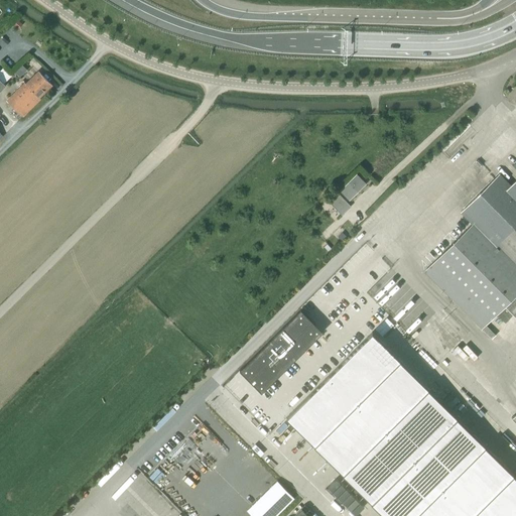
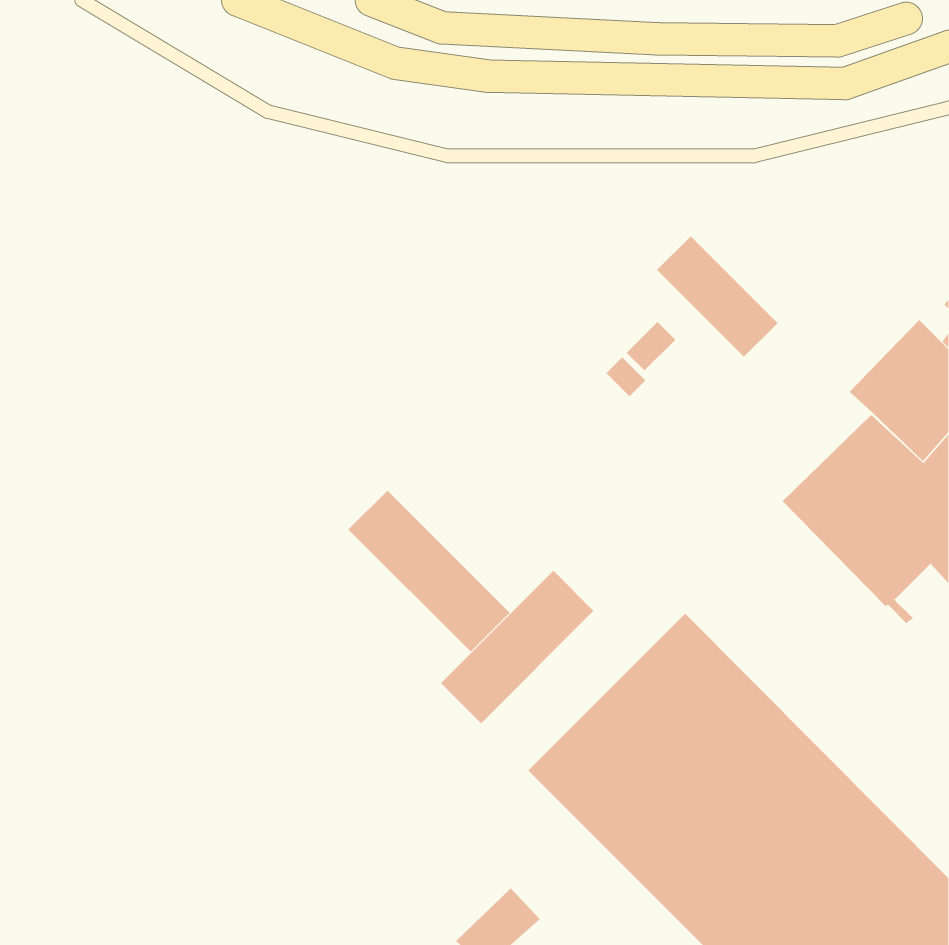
building: [7,74,51,119] -> none
building: none -> [656,235,778,358]
building: none -> [348,490,511,653]

